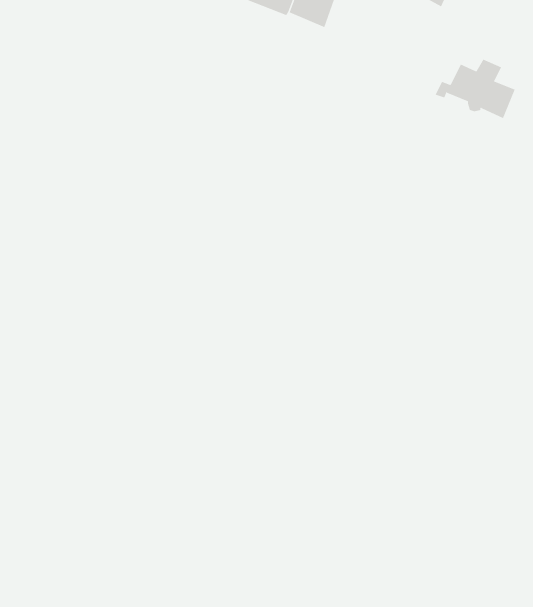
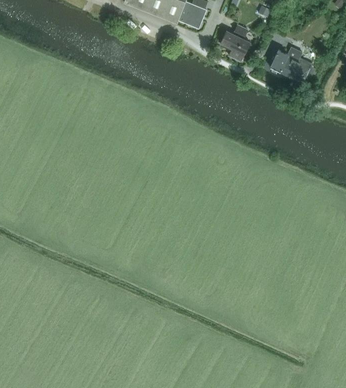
building: none -> [221,25,251,61]

